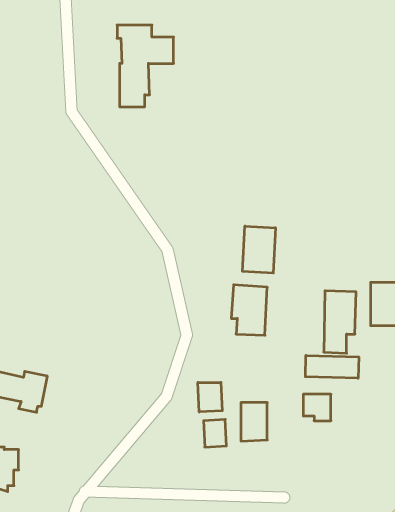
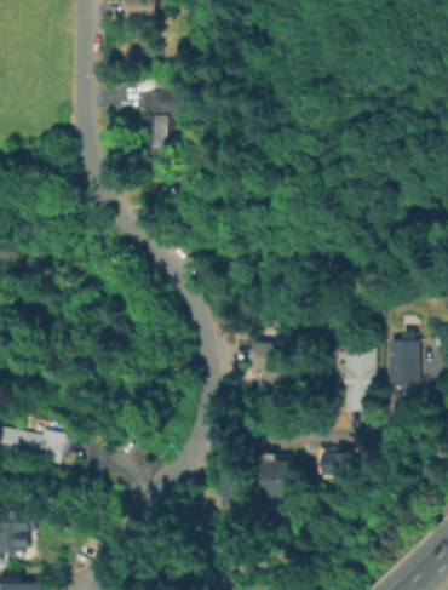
building: [243,226,275,273] -> none
building: [305,355,359,378] -> none
building: [198,382,222,412] -> none

